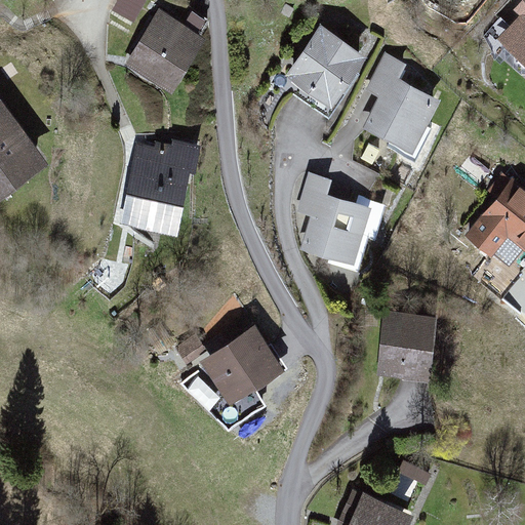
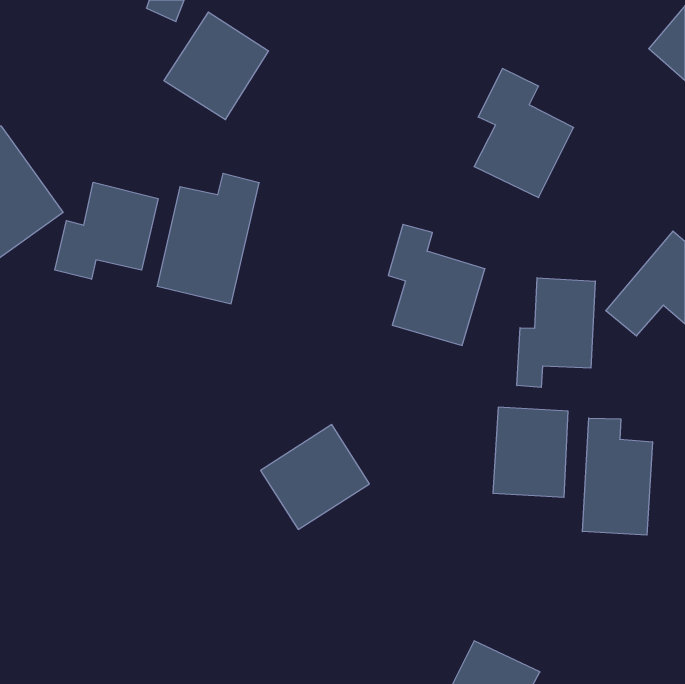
building: [284,26,369,111] -> none
building: none -> [55,182,158,279]
building: none -> [517,278,595,387]
building: none -> [582,418,652,535]

